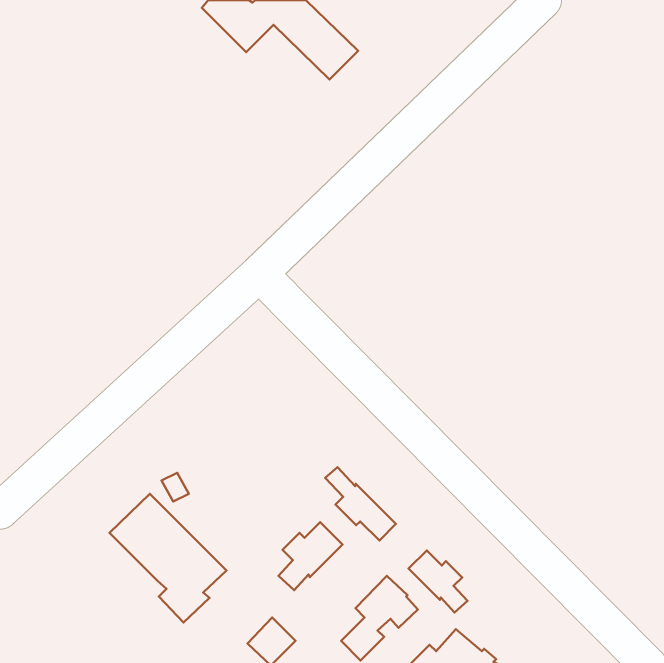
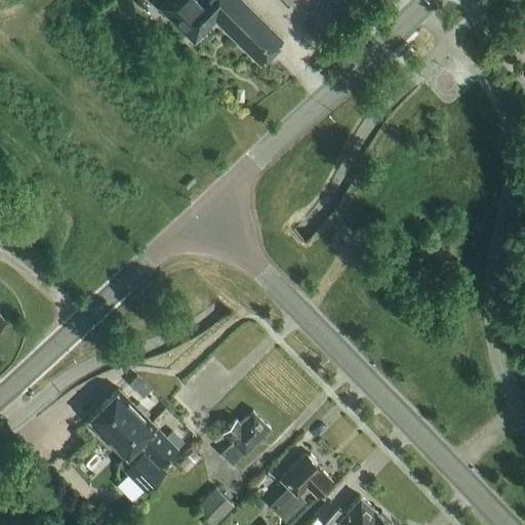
building: [325,467,396,541] -> none
building: [408,550,467,613] -> none

